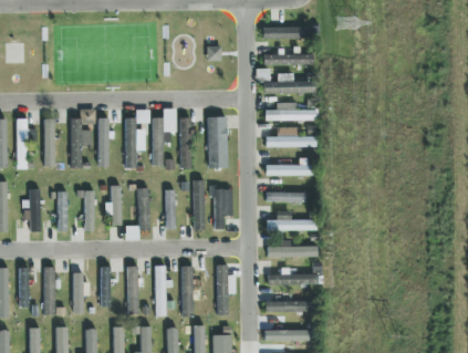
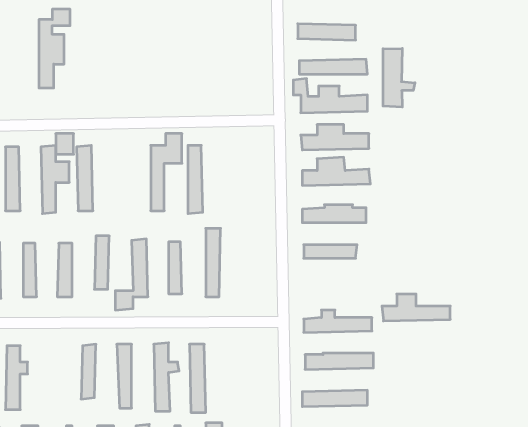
building: none -> [383,48,415,107]
building: [126,110,149,168] -> [39,9,70,88]
building: [208,116,228,167] -> none
building: [212,187,232,229] -> none
building: [266,210,316,230] -> [382,294,450,321]
building: [217,264,236,315] -> none
building: [74,272,90,313] -> none

